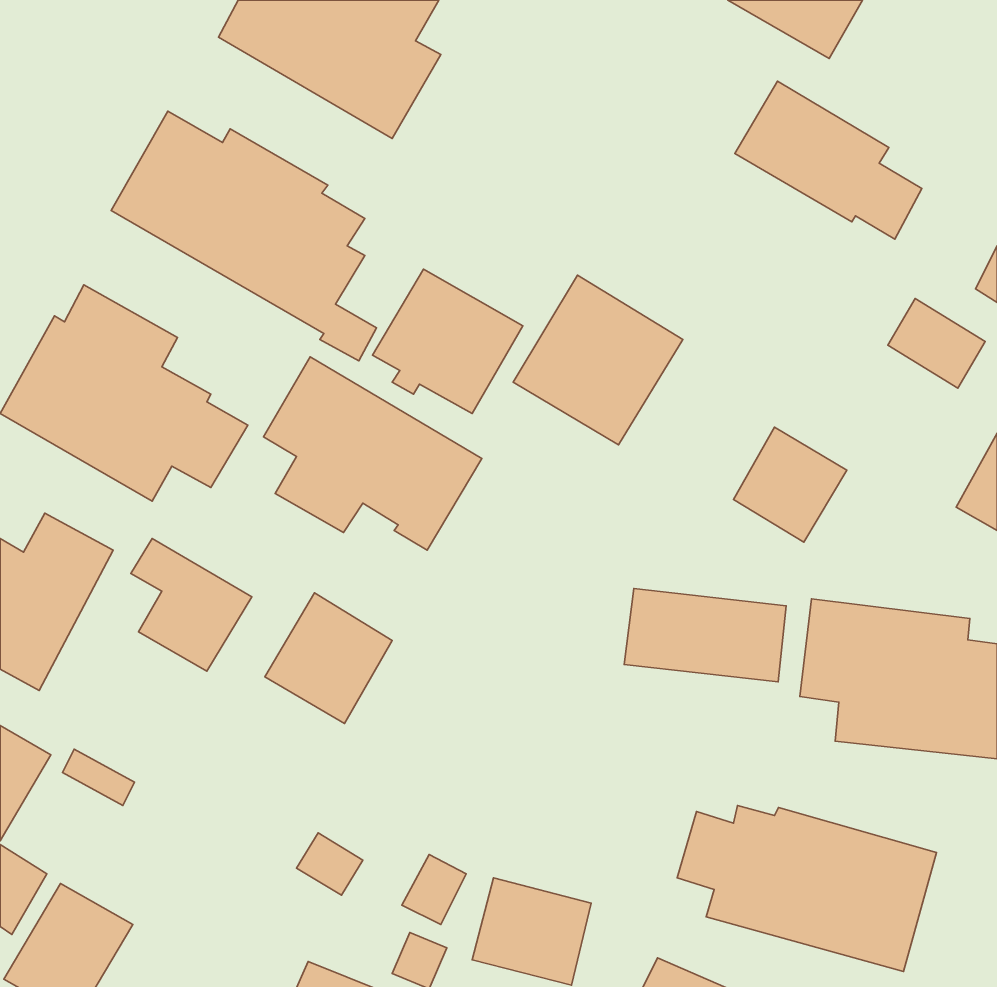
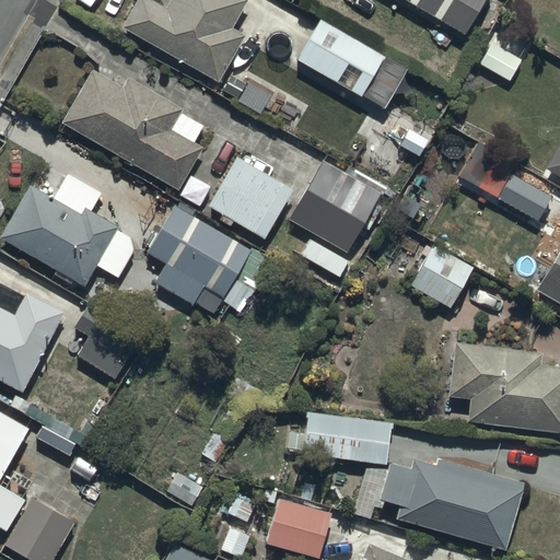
building: [735,81,922,239] -> [296,19,401,107]
building: [624,588,786,682] -> [301,412,392,465]
building: [265,593,392,723] -> none

